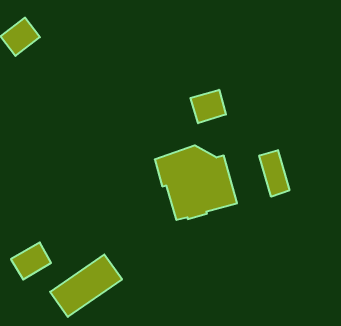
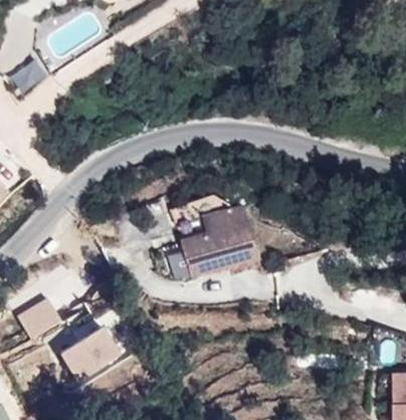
building: [190,90,226,123] -> none
building: [259,150,289,197] -> none

